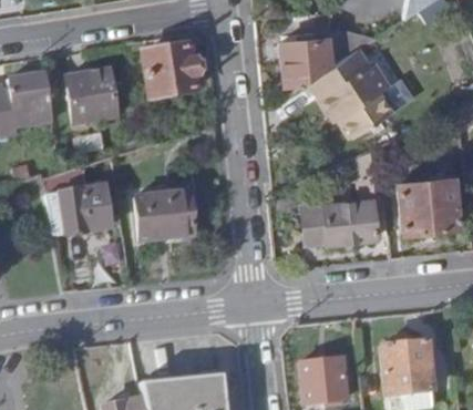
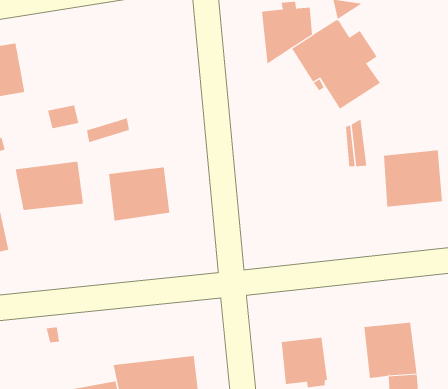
building: [144,44,196,96] -> none
building: [66,69,117,122] -> none
building: [302,197,378,244] -> none

